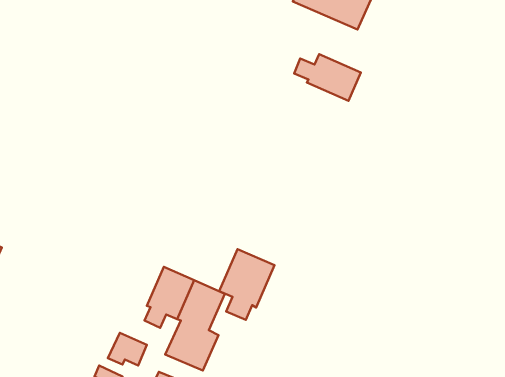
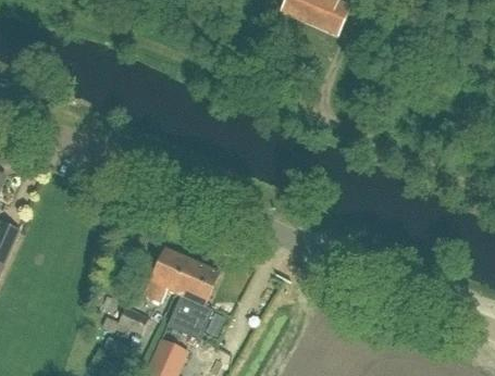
building: [294,54,361,101] -> none
building: [219,249,275,320] -> none

